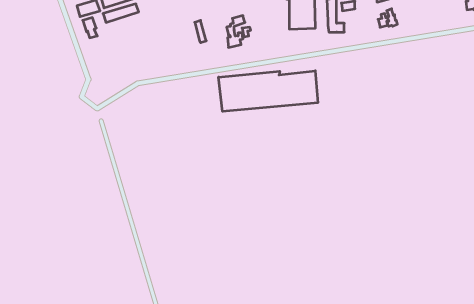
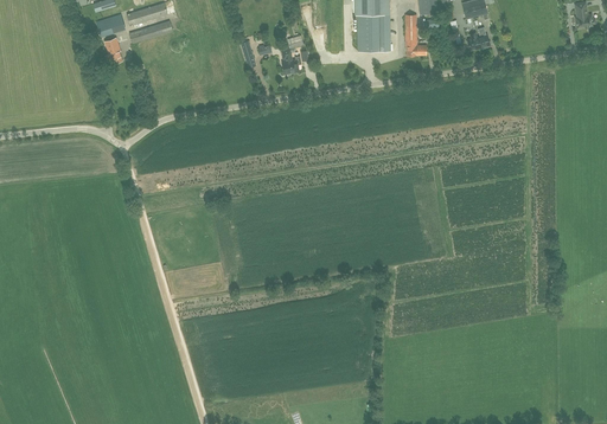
building: [219,71,318,111] -> none

